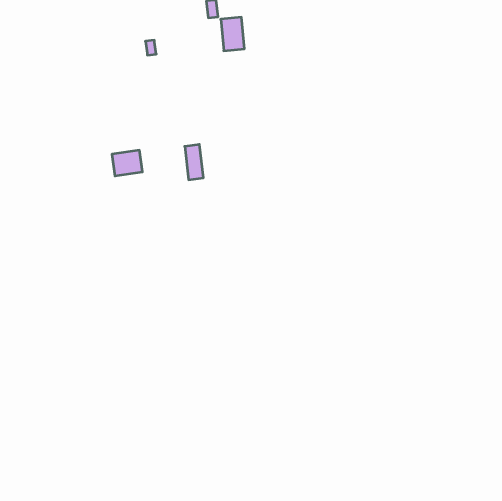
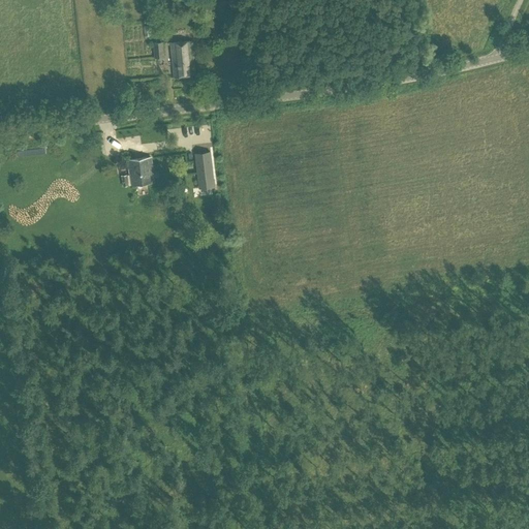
building: [221,17,244,51] -> [170,42,195,77]

